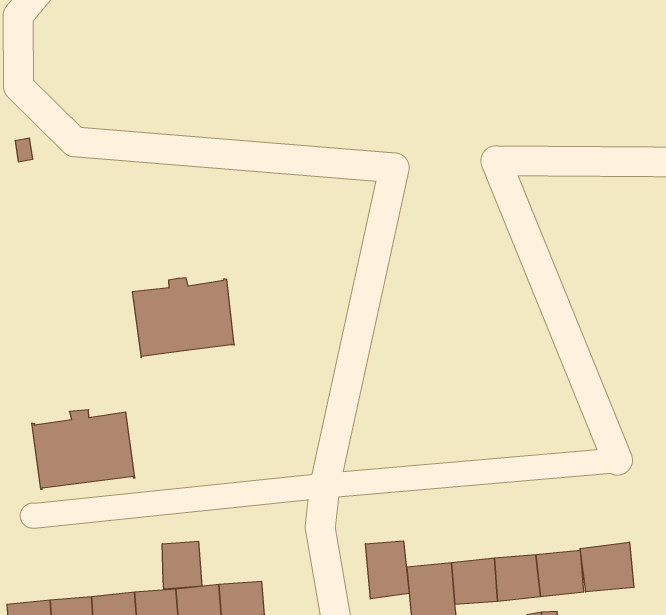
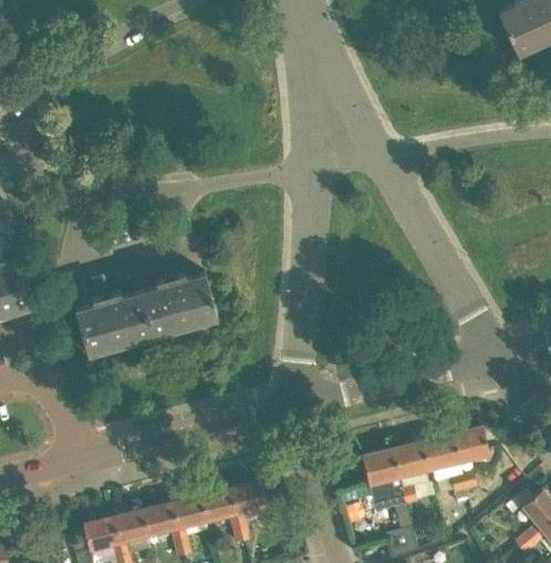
building: [32,410,135,489] -> [74,293,153,356]
building: [365,541,409,599] -> none
building: [162,541,202,589] -> none
building: [580,542,634,592] -> none

